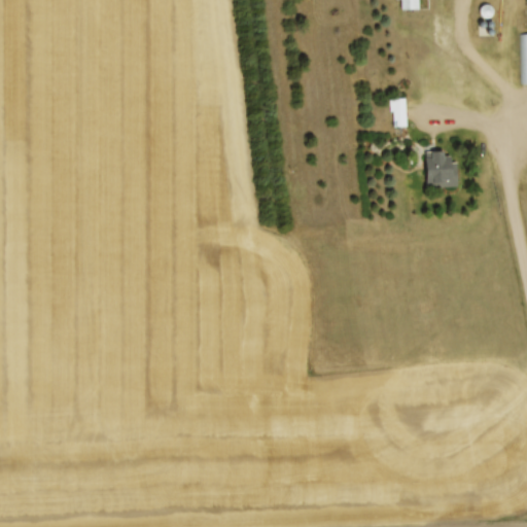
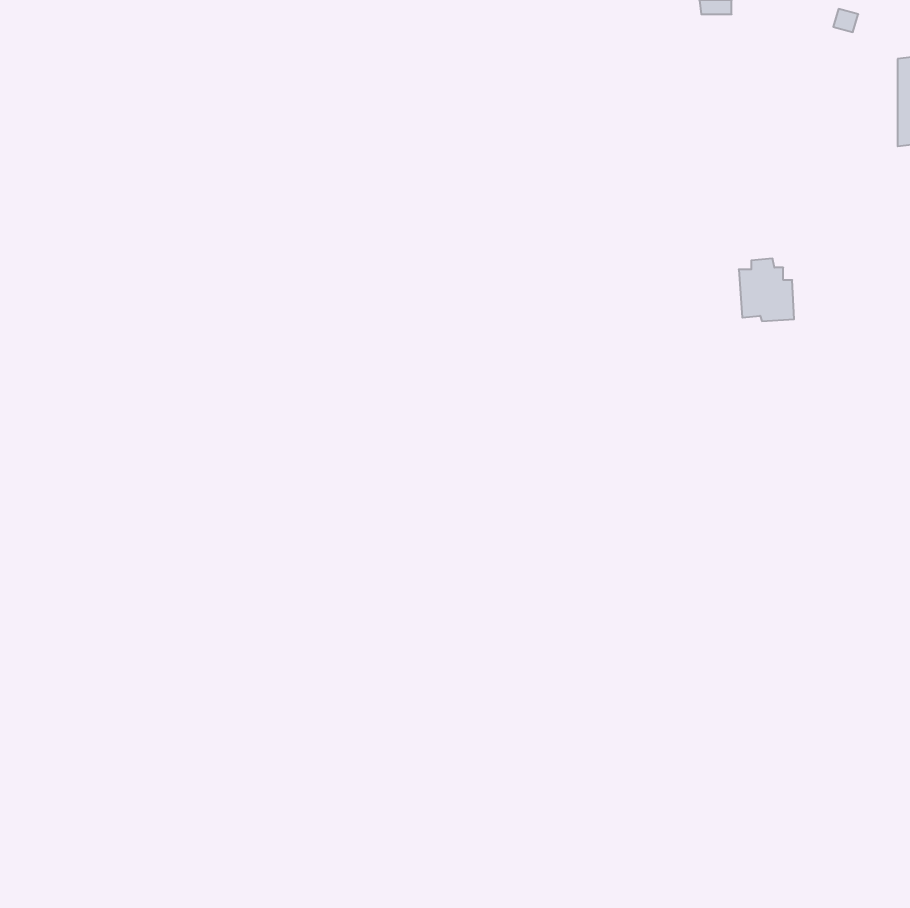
building: [391,99,410,128] -> none

